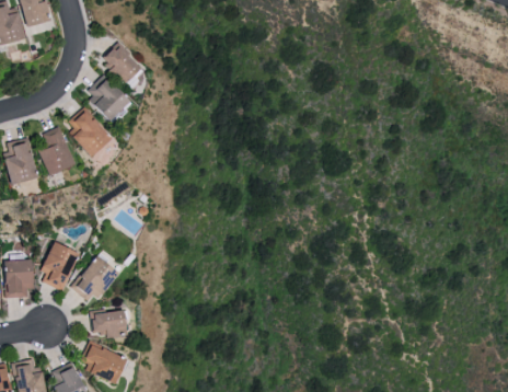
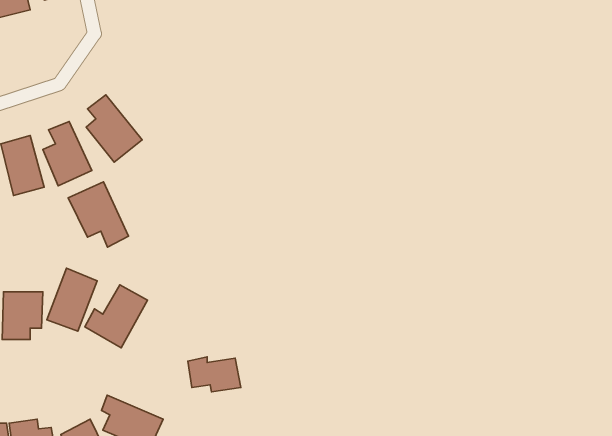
building: [102,42,145,84] -> none
building: [85,73,132,120] -> none
building: none -> [68,182,129,247]
building: [89,308,130,335] -> [188,357,241,392]

